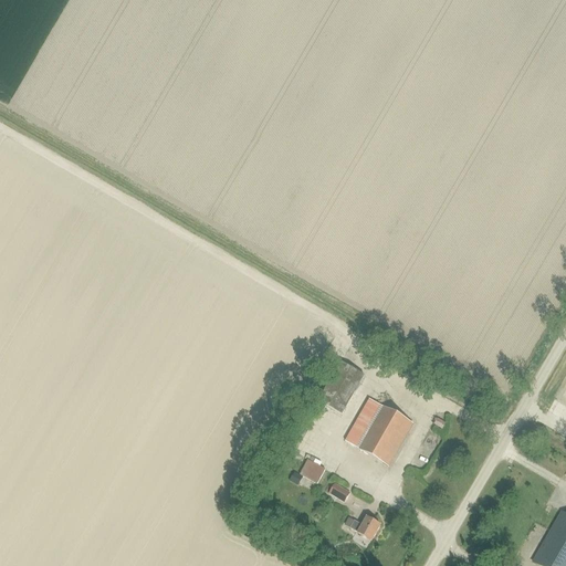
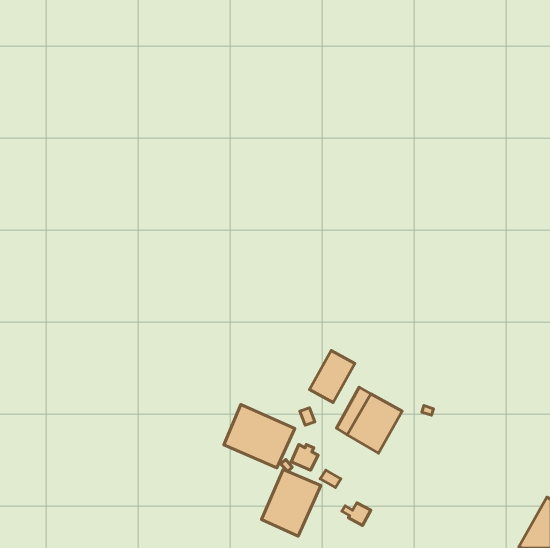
building: none -> [224,404,295,468]
building: none -> [262,469,321,536]

